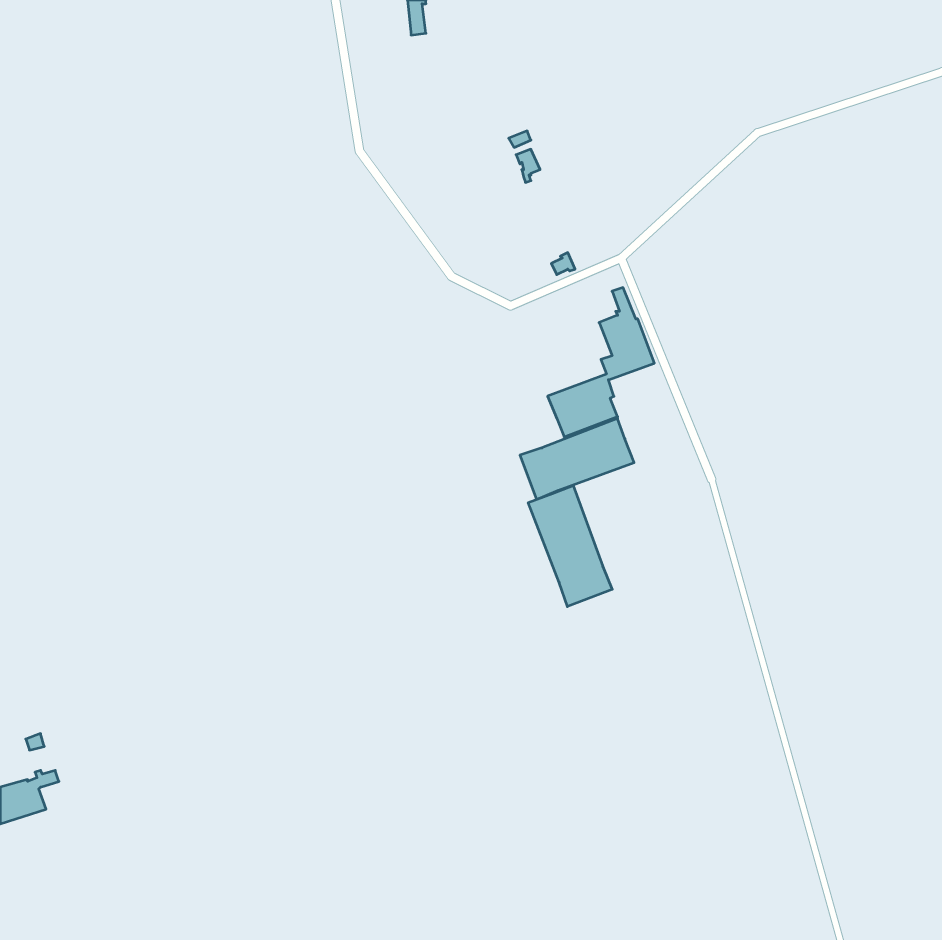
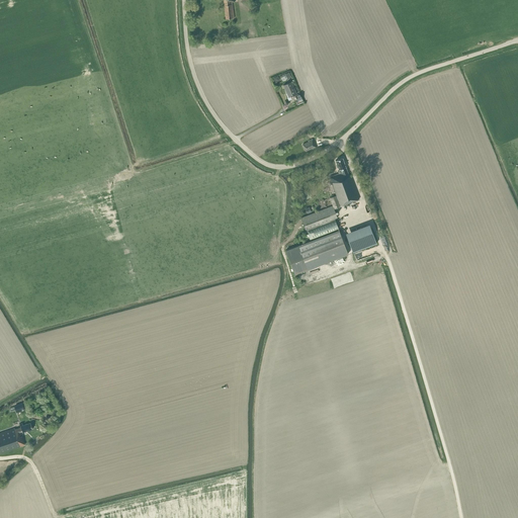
building: none -> [347,230,376,253]
building: [528,485,612,607] -> none

